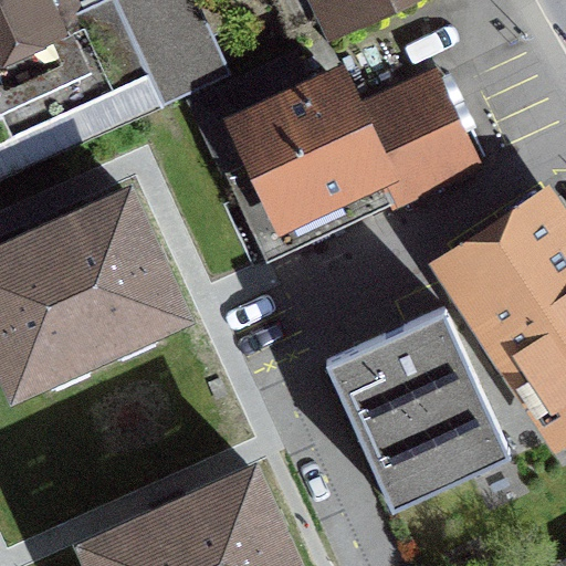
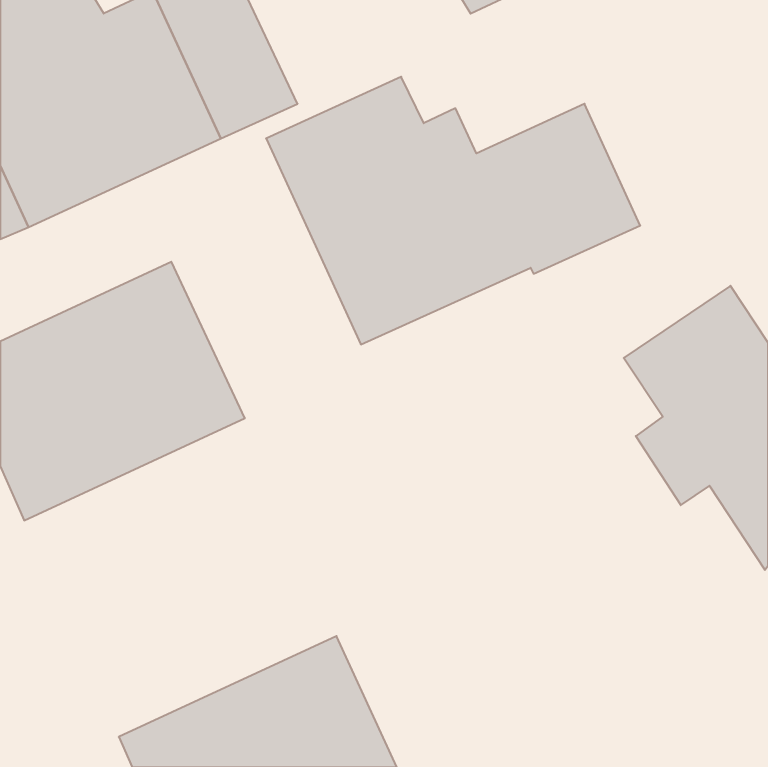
building: [326,305,511,504] -> none

